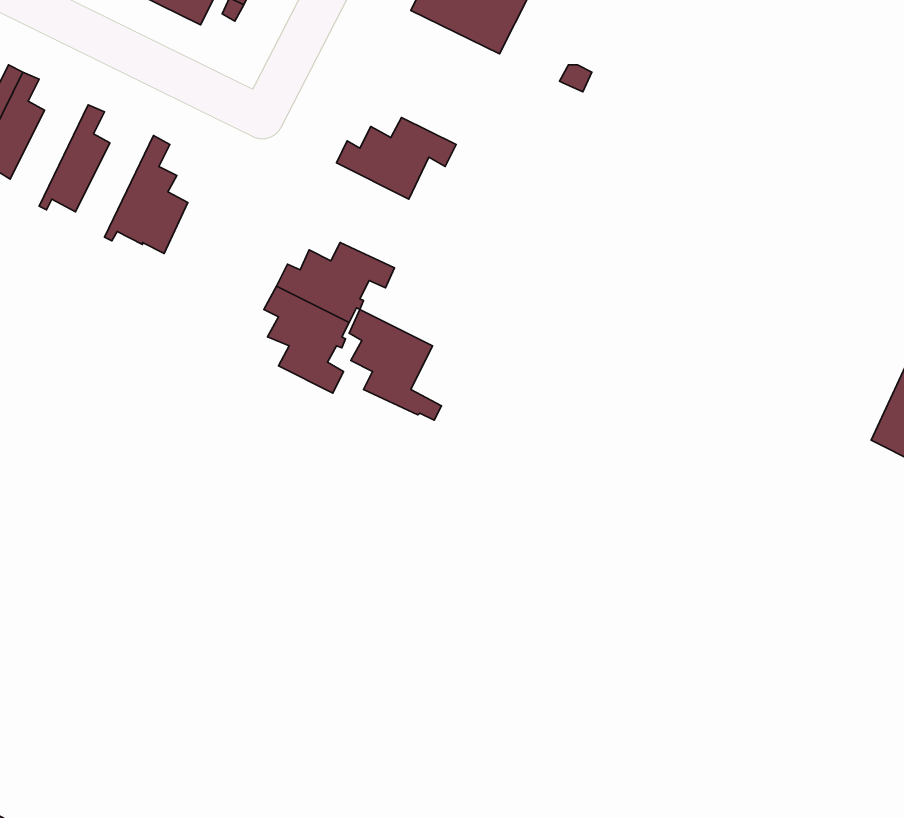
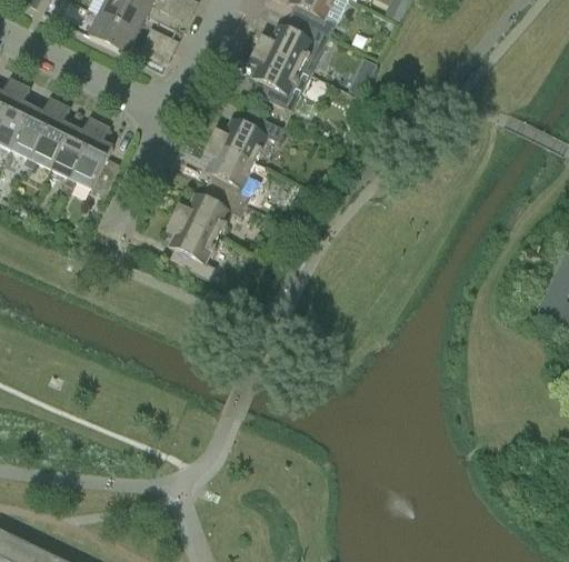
building: none -> [249,44,310,110]
building: none -> [10,97,58,164]
building: none -> [50,117,98,183]
building: [349,310,442,420] -> [203,138,260,205]

